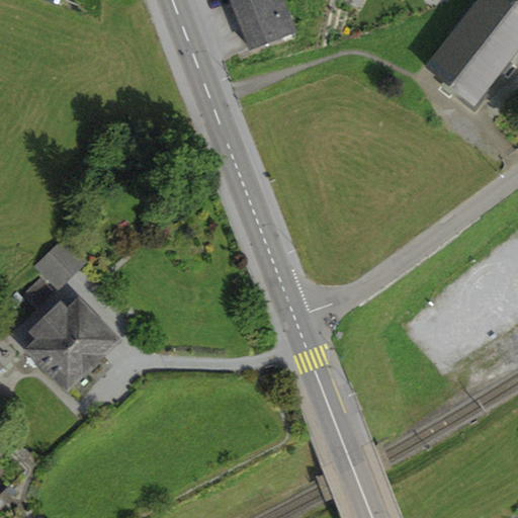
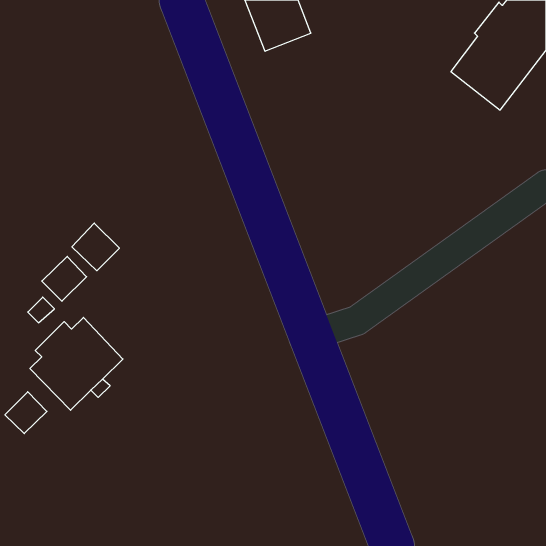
building: none -> [72,223,119,271]
building: none -> [5,392,47,434]

